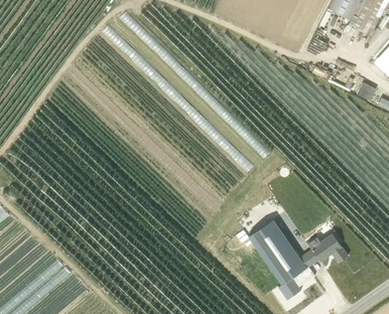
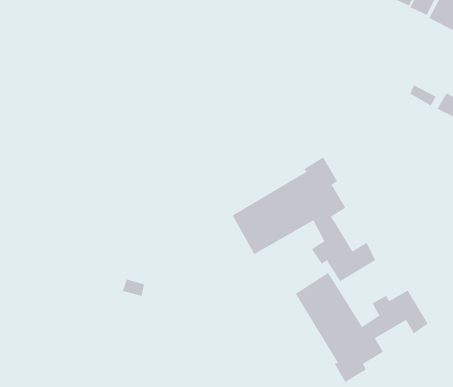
building: none -> [232,156,376,282]

